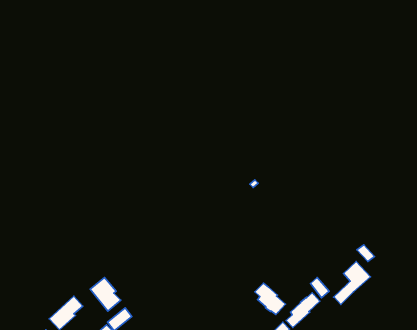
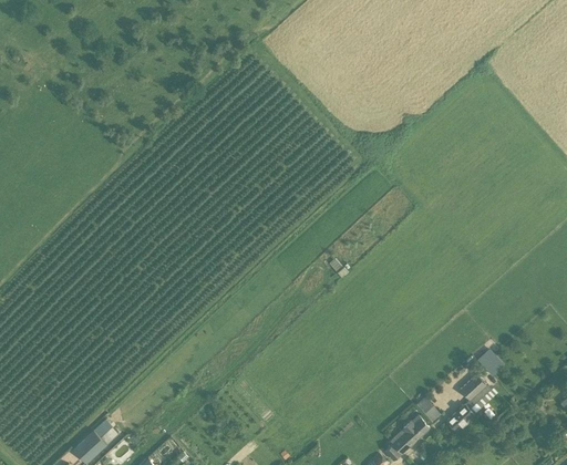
building: [90,278,121,311] -> none
building: [255,283,285,315] -> none

